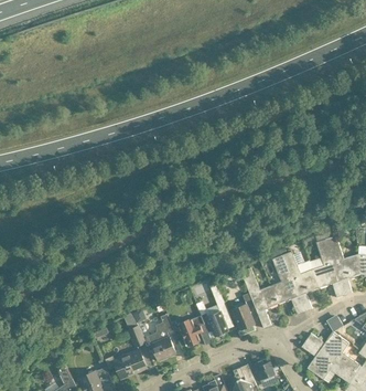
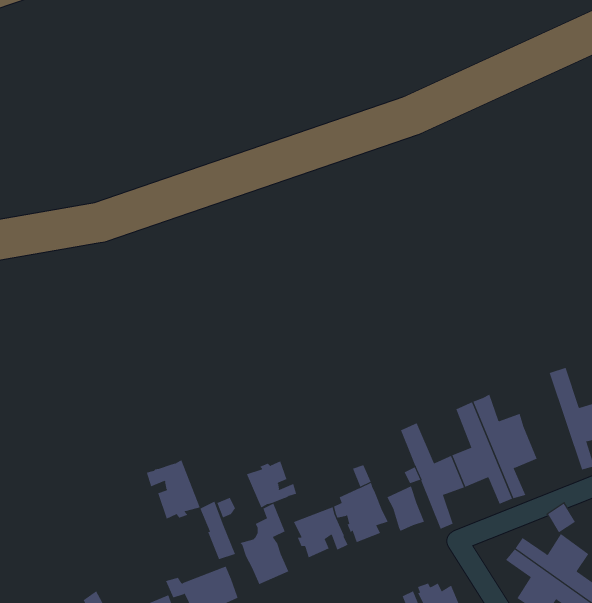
building: [312,239,345,297] -> none
building: none -> [146,459,201,519]
building: none -> [246,460,297,509]

